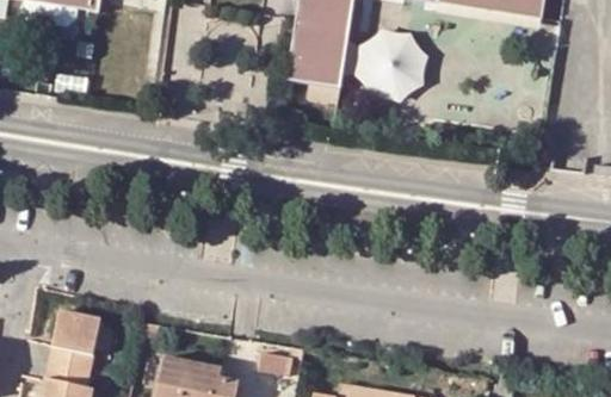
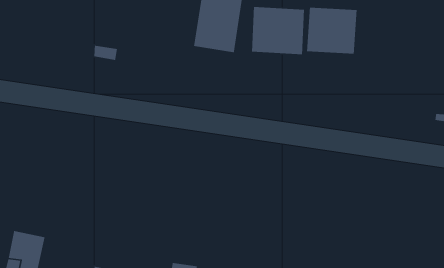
building: none -> [306,7,357,55]

